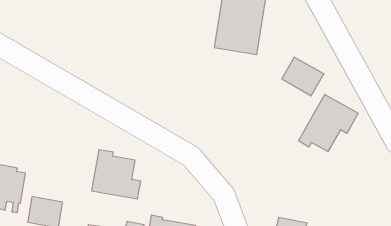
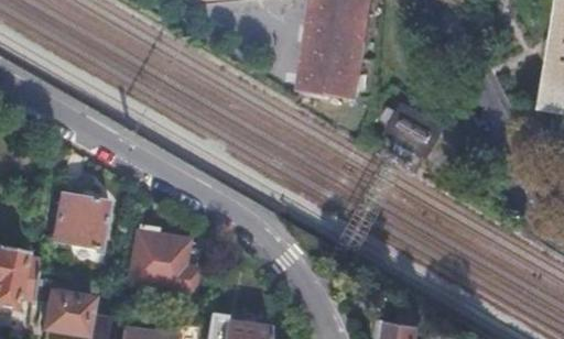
building: [299,94,358,152] -> none
building: none -> [56,193,110,248]

